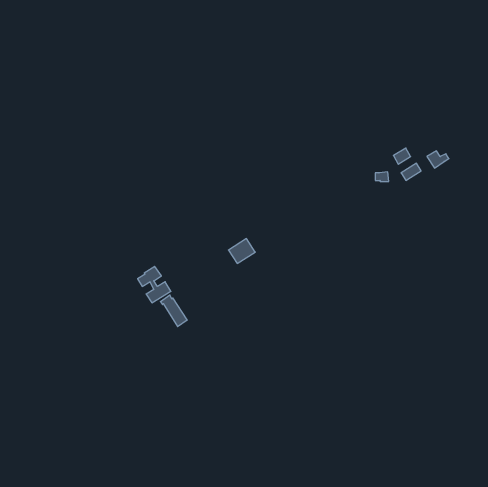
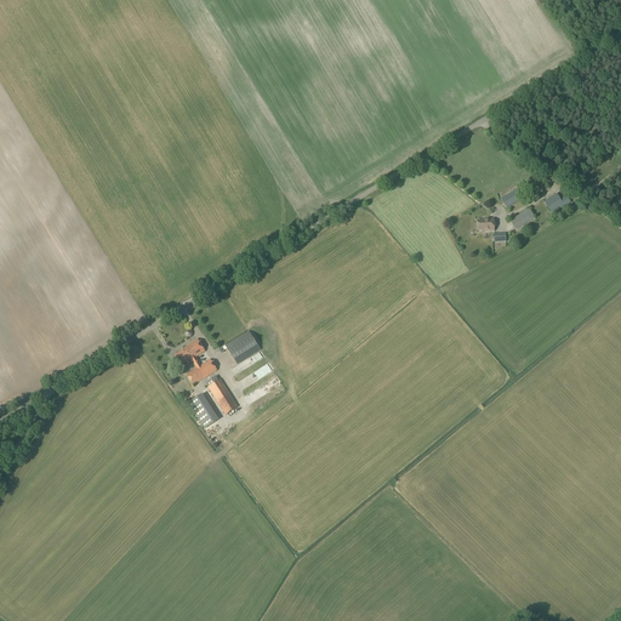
building: [228,239,255,263] -> [226,331,260,363]

